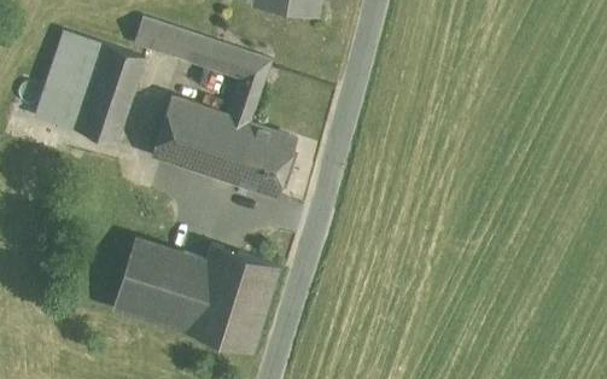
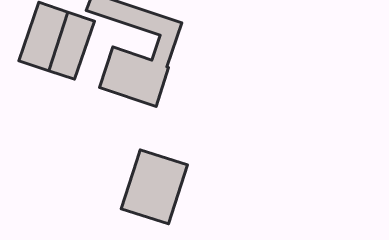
building: [233,126,296,197] -> none
building: [112,239,205,331] -> none

